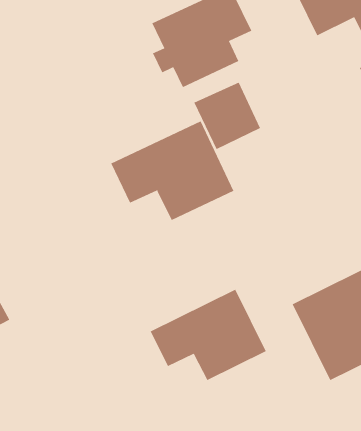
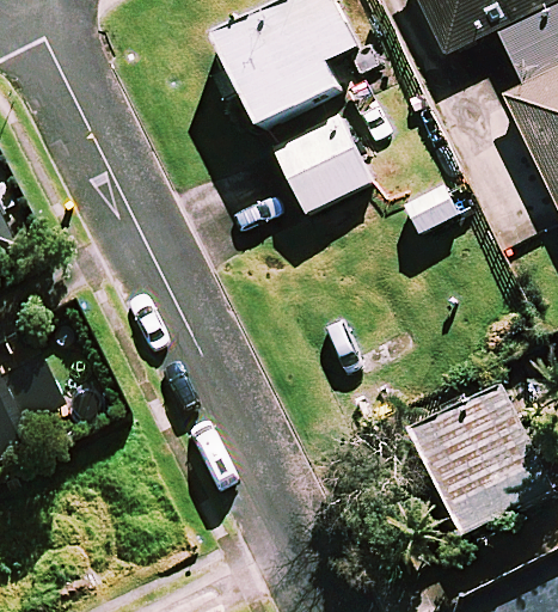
building: [111,121,234,221] -> none
building: [150,289,266,381] -> none

